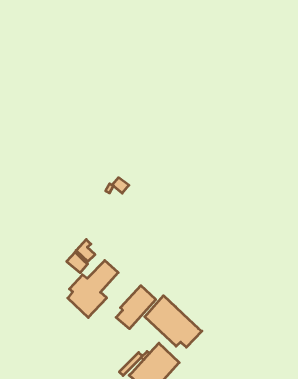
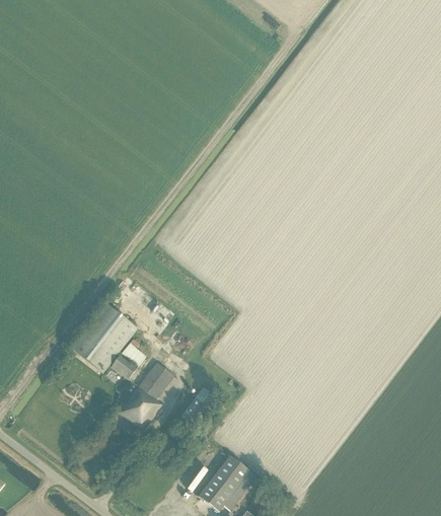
building: none -> [71,302,139,373]
building: [145,296,202,347] -> none

